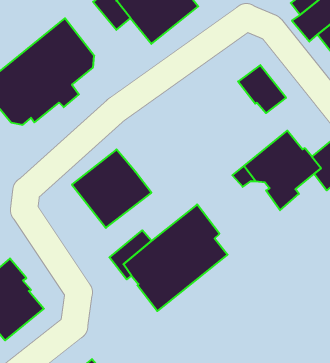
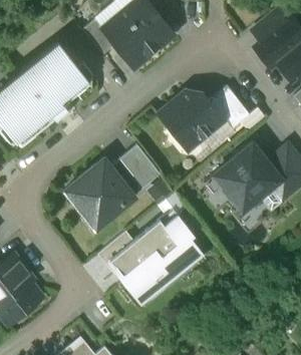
building: none -> [159,91,223,148]
building: none -> [110,144,160,187]

